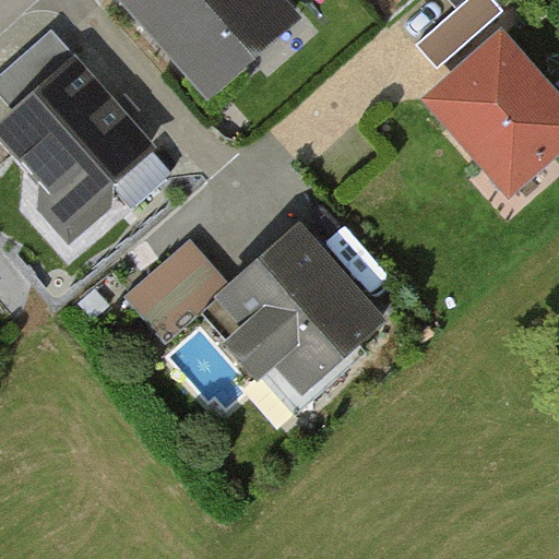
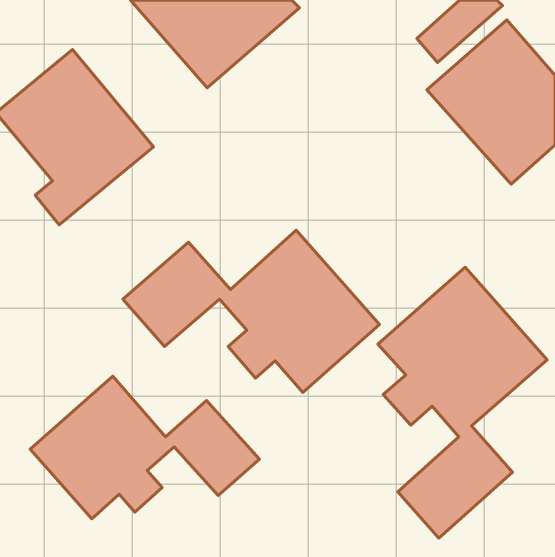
building: none -> [378,267,547,538]
building: none -> [30,376,259,519]

